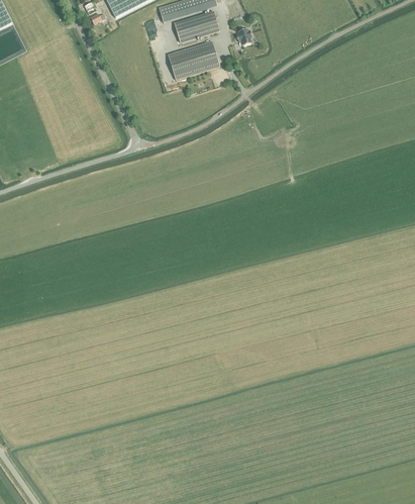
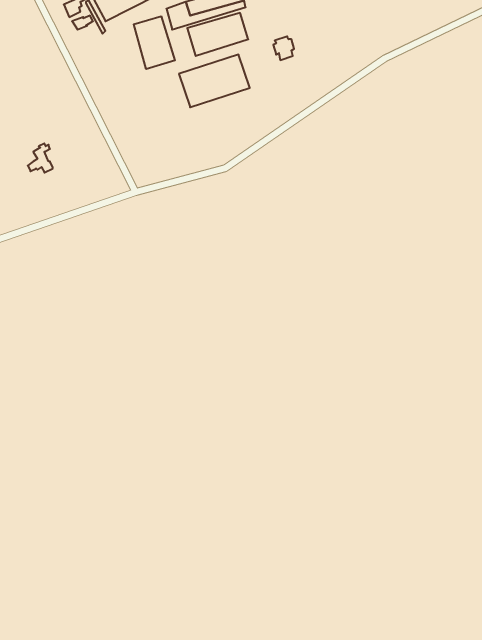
building: none -> [134,16,175,69]

